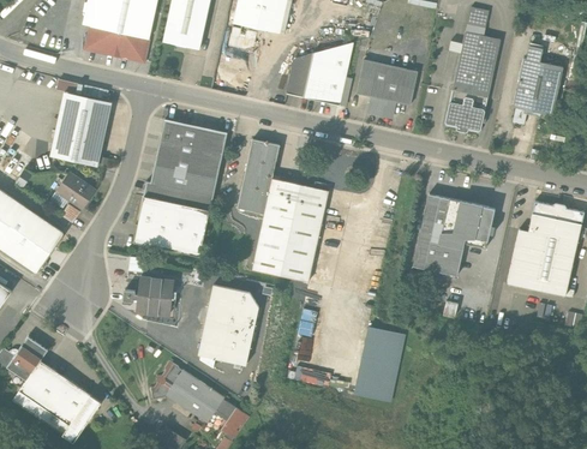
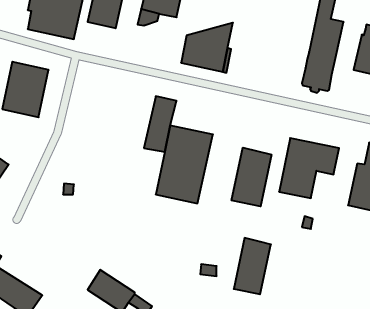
building: [357,61,418,119] -> none
building: [138,124,224,255] -> none
building: [53,173,94,212] -> none
building: none -> [232,148,271,206]
building: [122,277,173,317] -> none
building: [197,285,258,367] -> none

